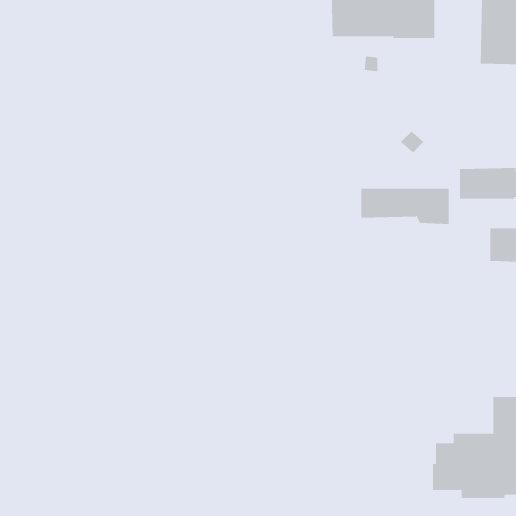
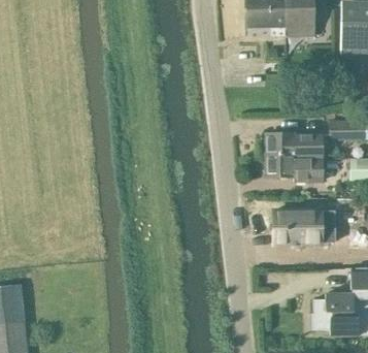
building: none -> [265,152,326,181]
building: none -> [273,211,335,244]

